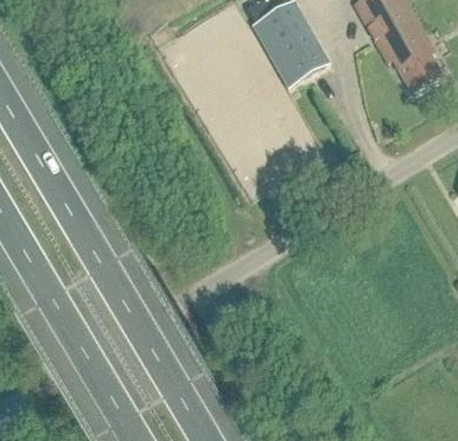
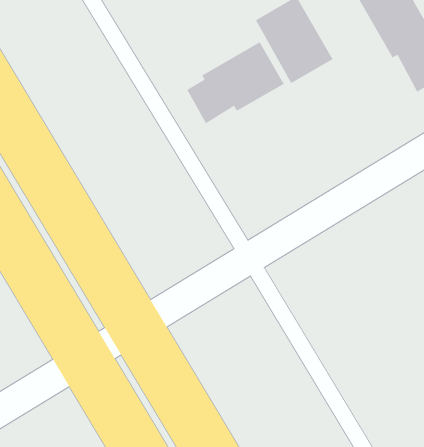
building: none -> [186,42,285,124]

